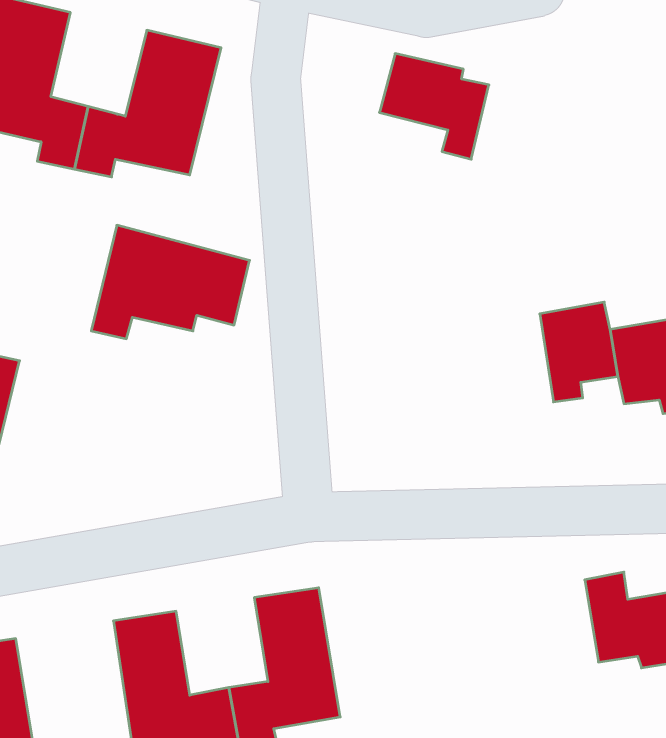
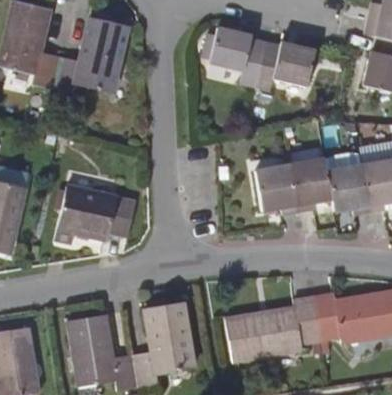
building: none -> [256,44,314,87]
building: [91,225,250,339] -> [54,184,135,242]
building: none -> [256,162,298,209]
building: none -> [228,298,321,361]

